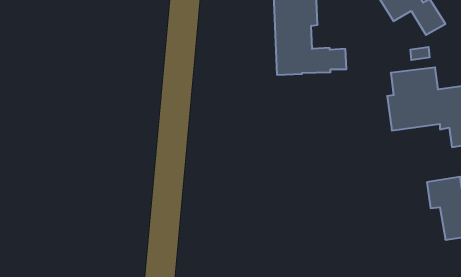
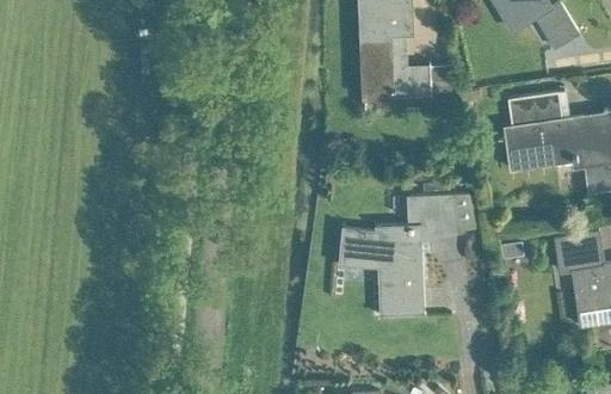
building: none -> [340,195,476,316]

